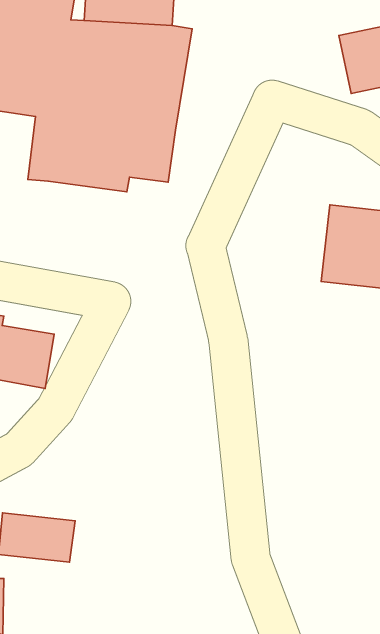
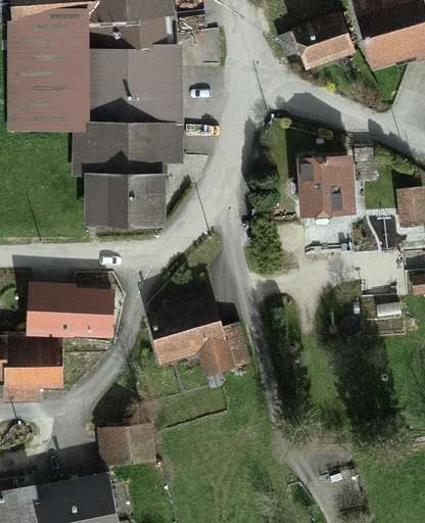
building: none -> [90,175,159,230]
building: none -> [147,297,254,377]

